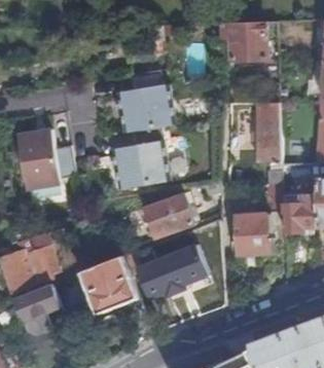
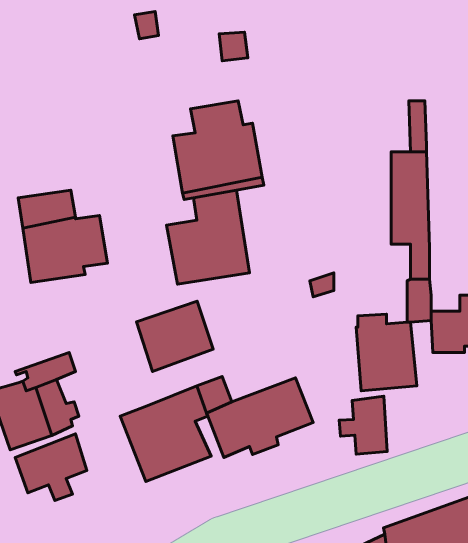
building: [219,22,276,60] -> none
building: [143,192,192,237] -> [136,301,213,371]
building: none -> [339,396,387,454]

